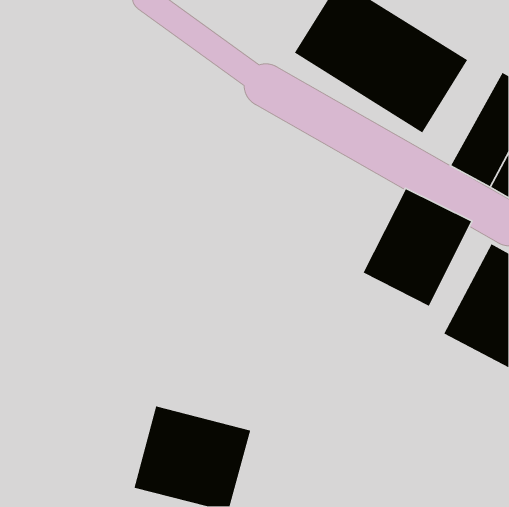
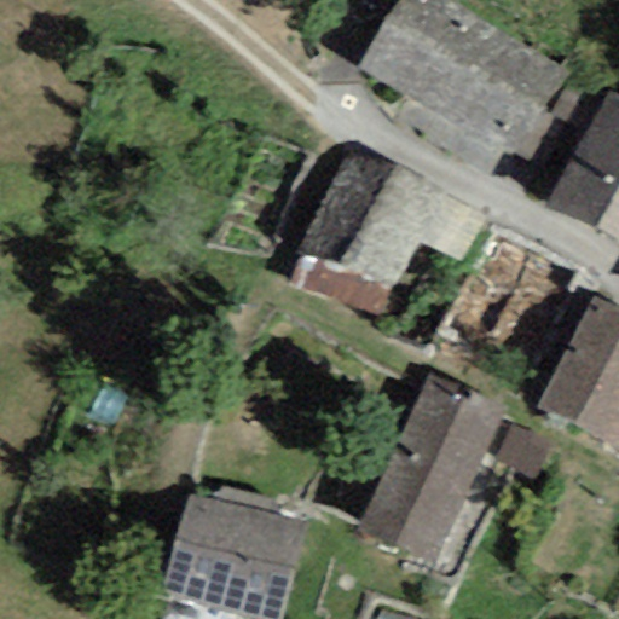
building: none -> [305,147,435,285]
building: none -> [363,376,501,559]

